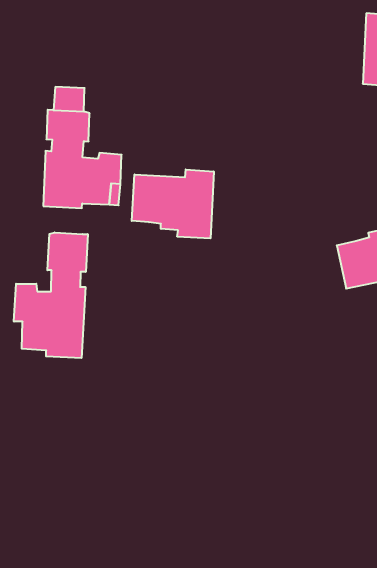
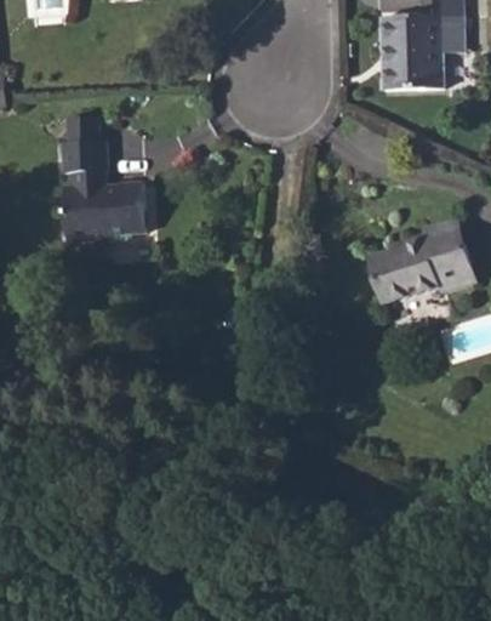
building: [132,169,214,238] -> none
building: [14,232,88,358] -> none

